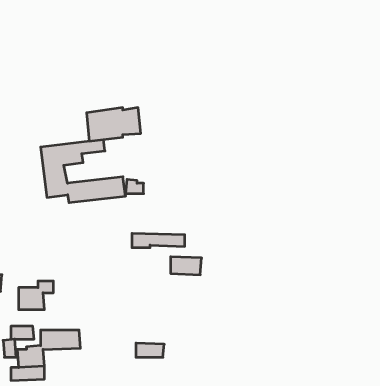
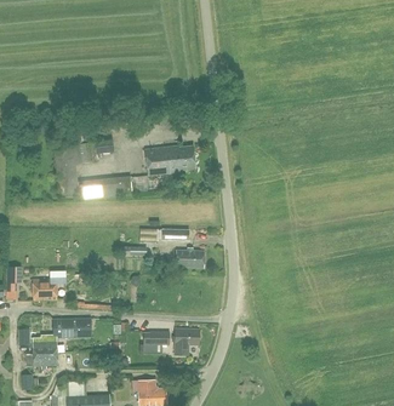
building: [87,108,141,141] -> [145,144,196,176]
building: none -> [175,327,200,354]

